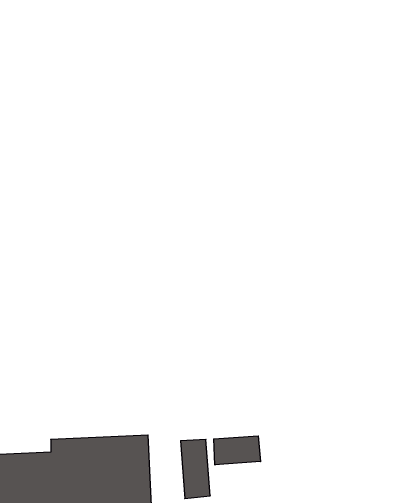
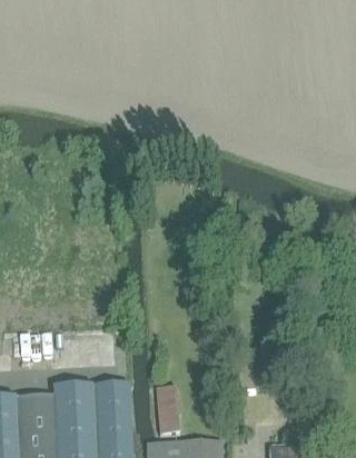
building: [214,436,261,465] -> none

